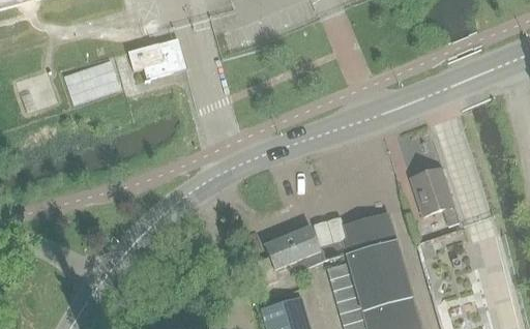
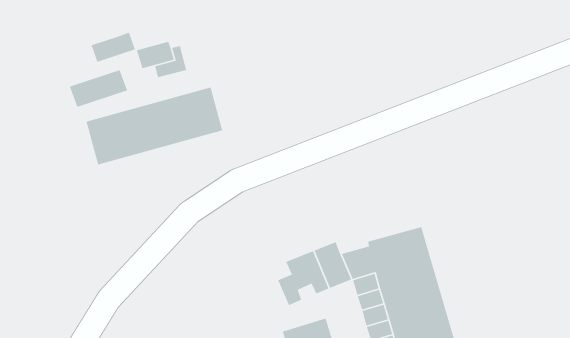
building: none -> [90,32,136,63]
building: none -> [86,87,223,165]
building: [410,167,460,225] -> none

